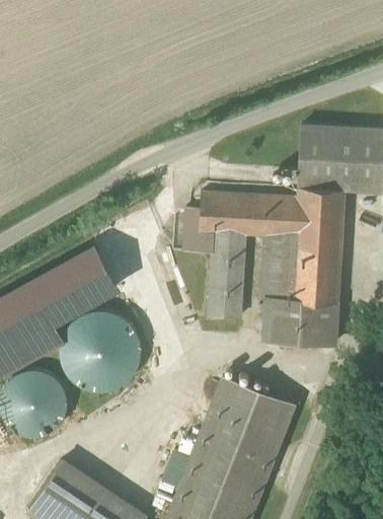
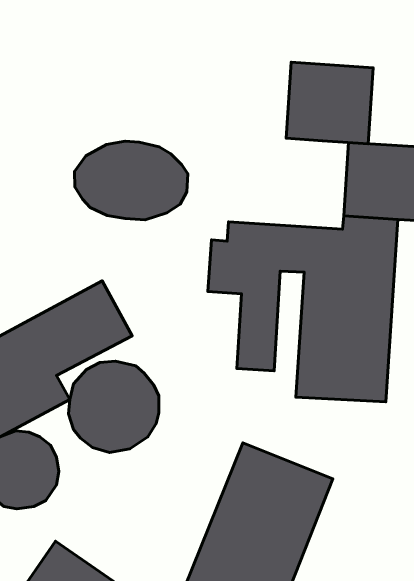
building: none -> [286,62,373,144]
building: none -> [75,141,188,220]

